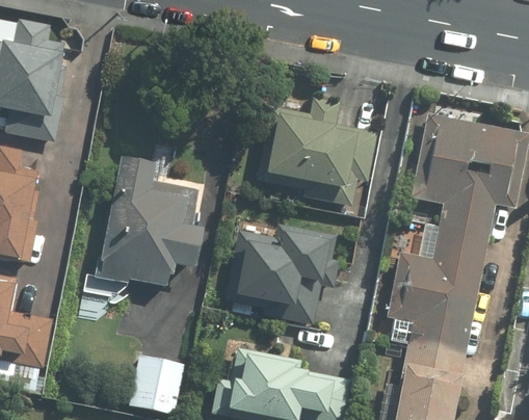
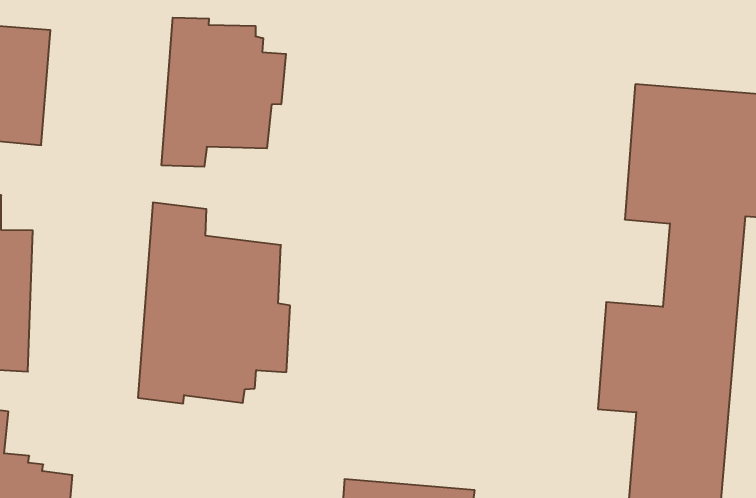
building: none -> [162,18,286,167]
building: [256,99,378,208] -> none
building: [237,224,340,326] -> none

